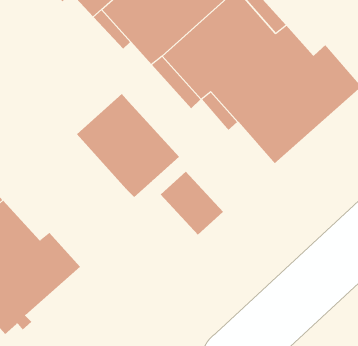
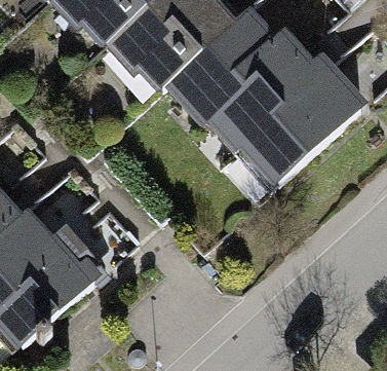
building: [76,93,180,198] -> none

